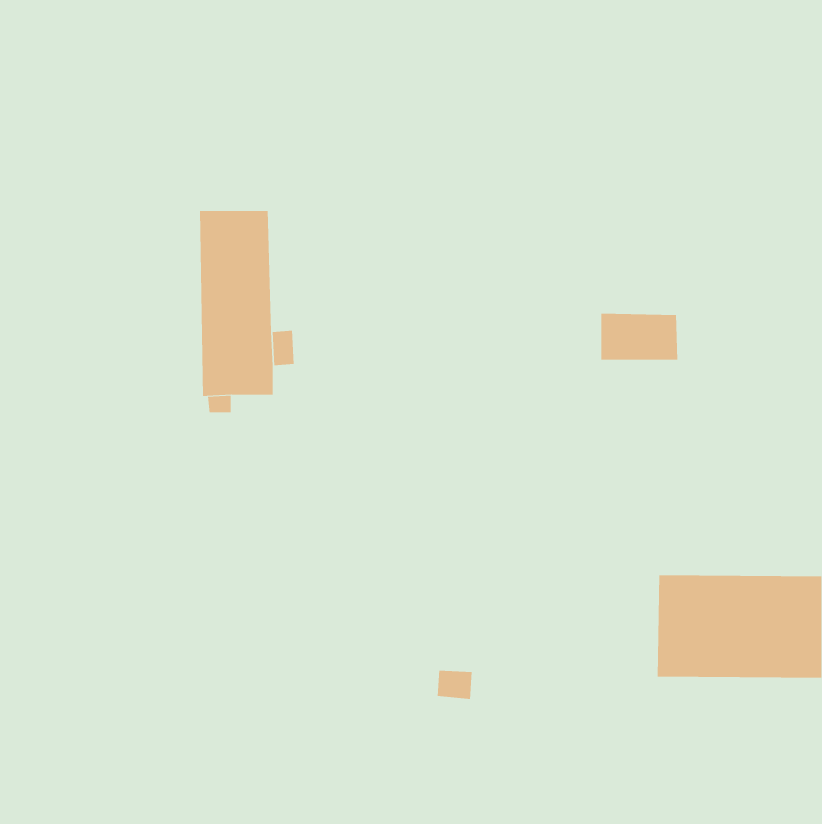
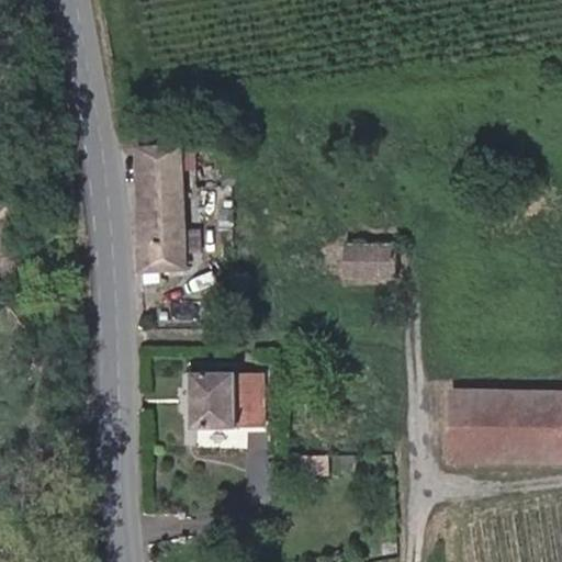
building: [601,313,678,360] -> [344,245,396,277]
building: none -> [189,370,263,430]

